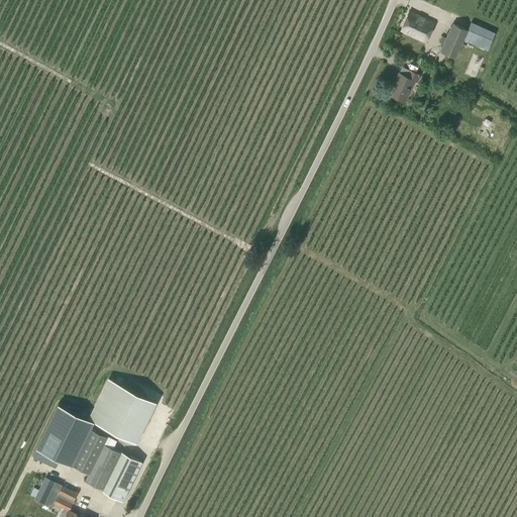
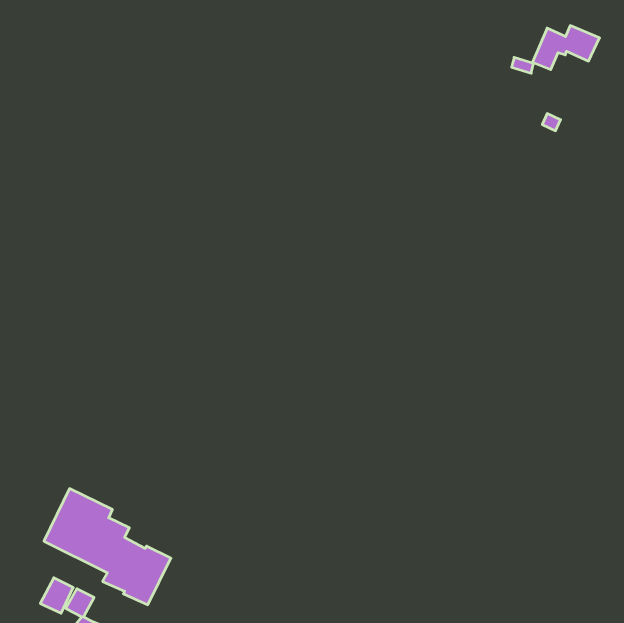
building: [400,12,434,43] -> none
building: [389,69,420,103] -> none
building: [88,379,156,442] -> none

